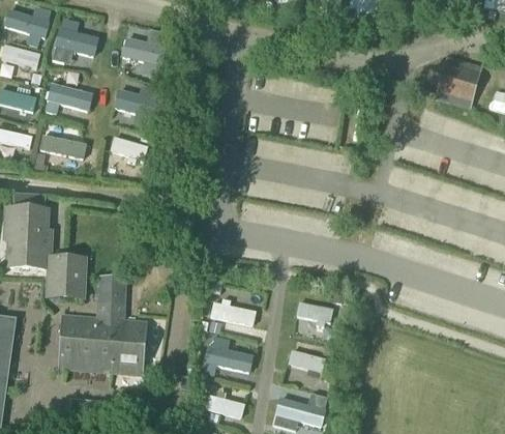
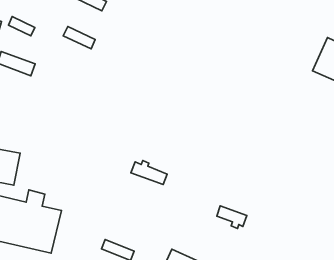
building: [110,136,148,164] -> none
building: [102,276,125,303] -> none
building: [210,298,256,324] -> [131,161,167,184]
building: [296,301,333,326] -> [217,206,247,228]

